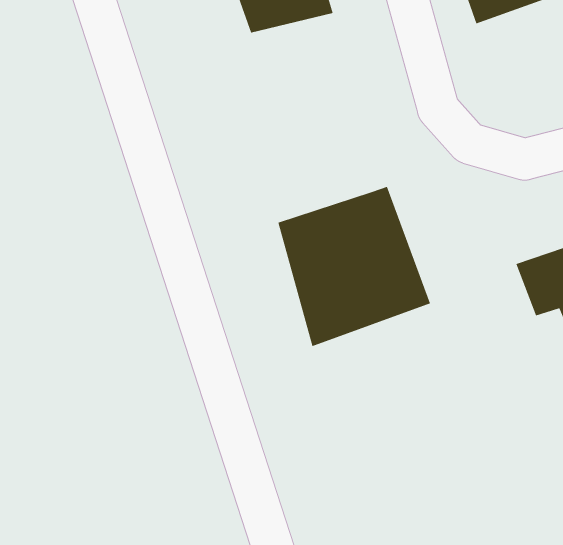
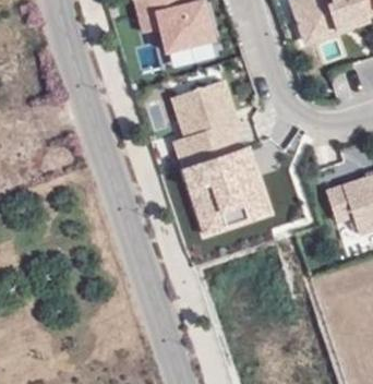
building: none -> [171,80,242,164]

